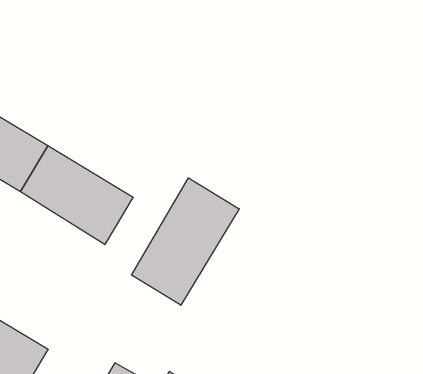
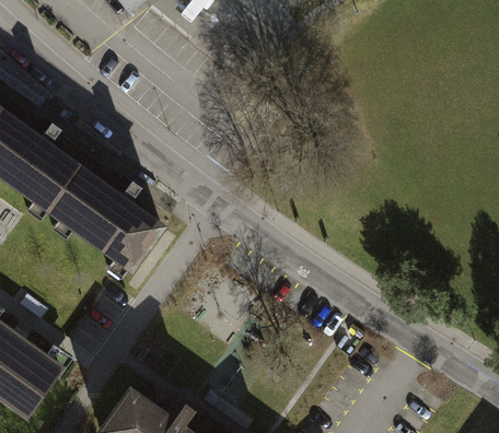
building: [132,178,239,305] -> none

